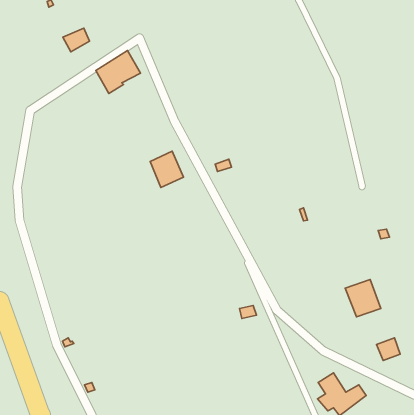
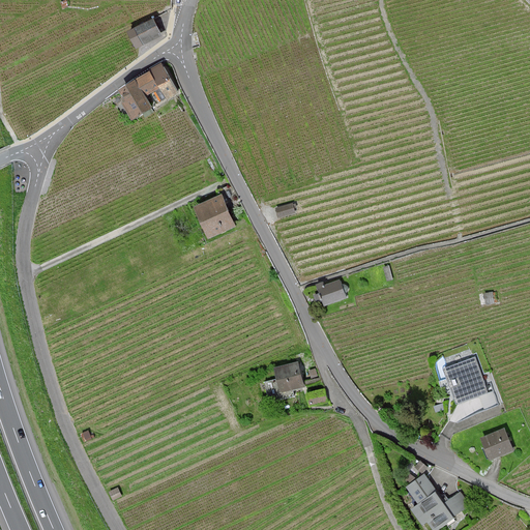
building: [63,28,90,52] -> [127,18,161,48]
building: none -> [318,279,347,305]
building: none -> [275,364,301,391]

